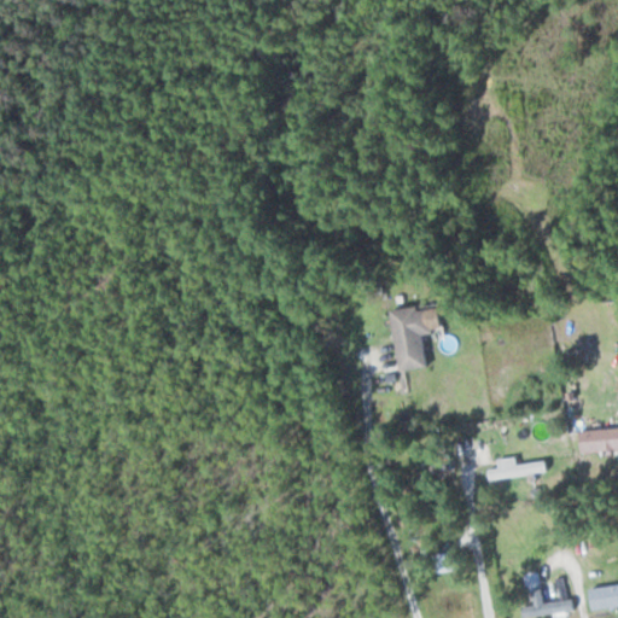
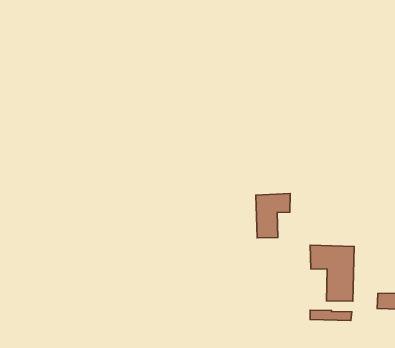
building: none -> [310,245,354,301]

